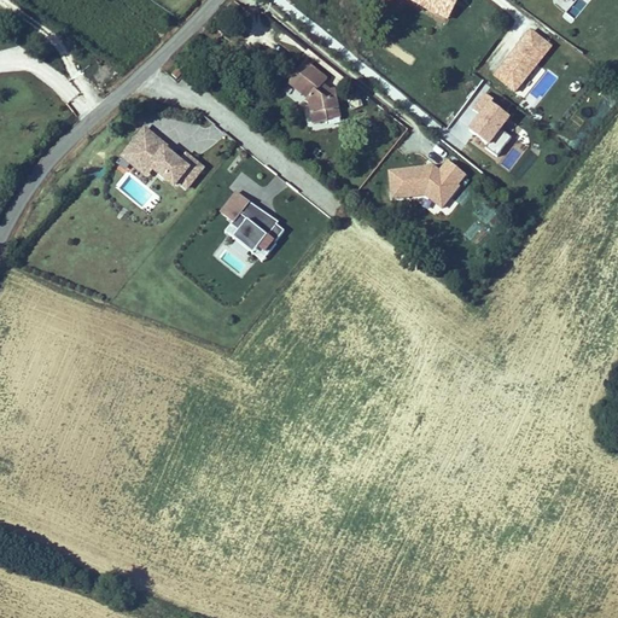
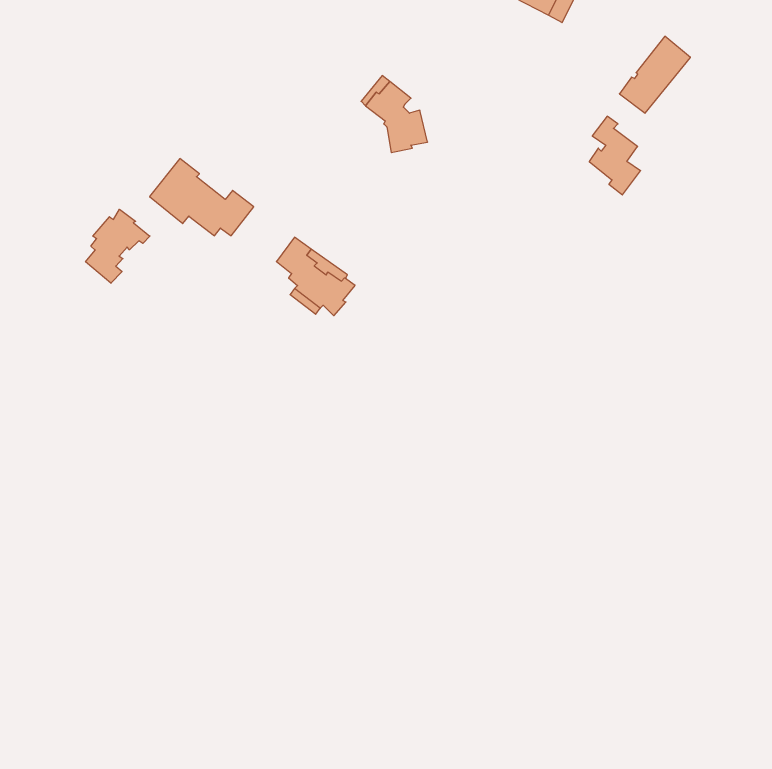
building: [391,161,465,206] -> none
building: none -> [86,209,150,283]

